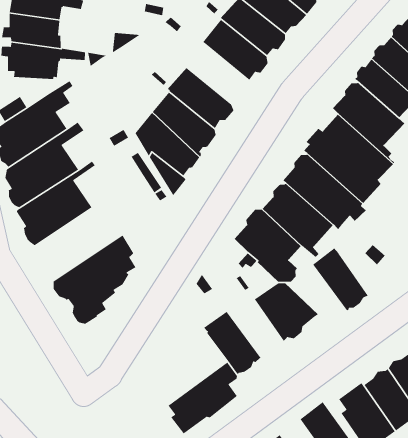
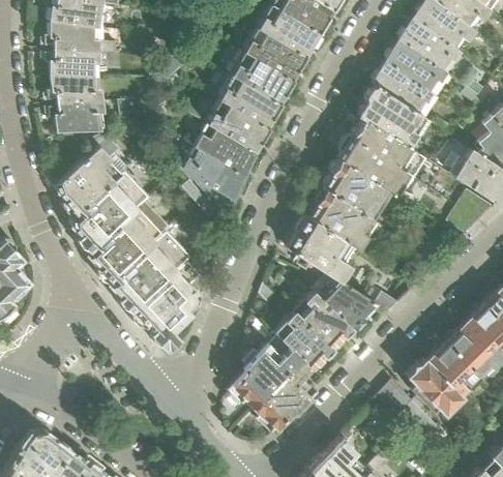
building: none -> [218,74,282,125]
building: none -> [109,226,193,311]
building: [312,248,369,312] -> [293,294,349,350]
building: none -> [229,335,301,407]

